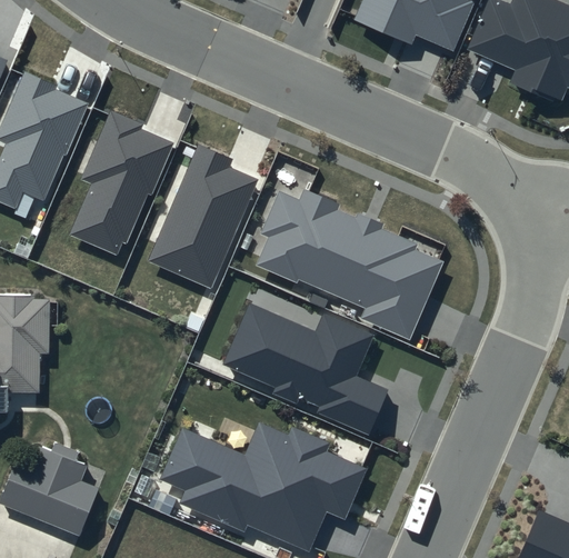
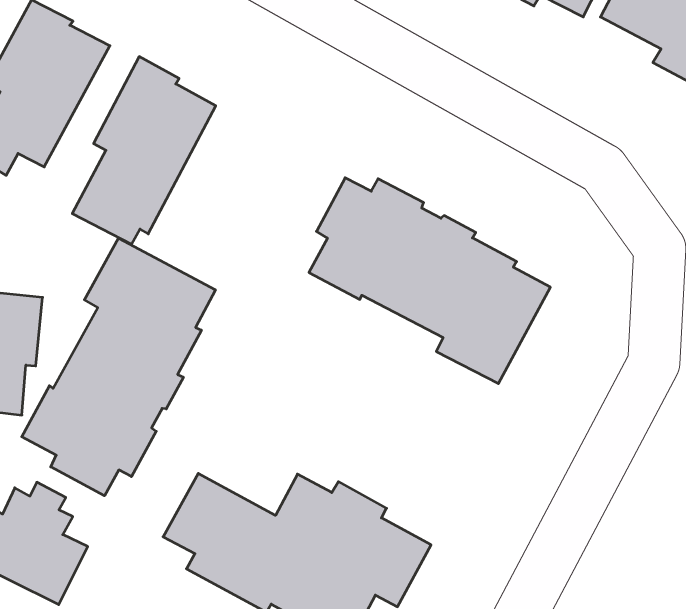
building: [148,145,259,289] -> none
building: none -> [22,238,215,496]
building: [222,301,390,436] -> none

